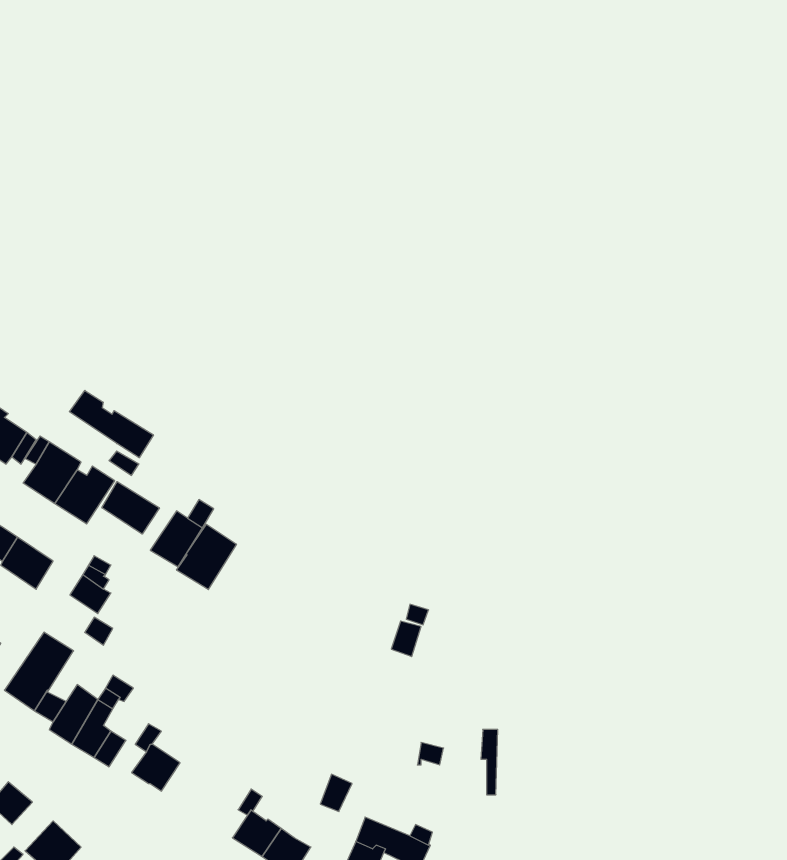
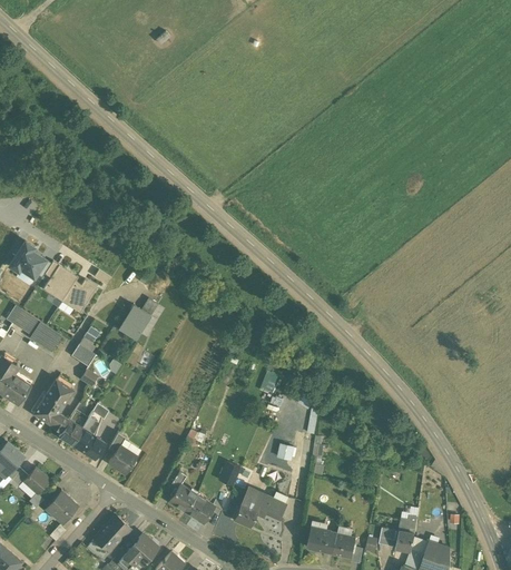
building: [69,390,153,458] -> none
building: [102,482,159,534] -> none
building: [177,524,236,590] -> none

